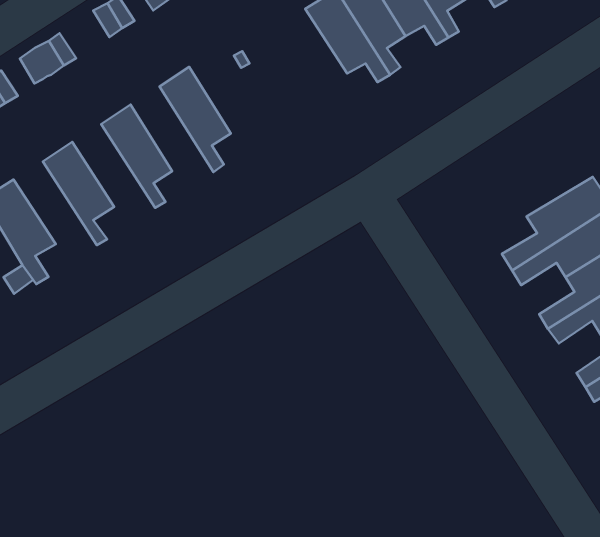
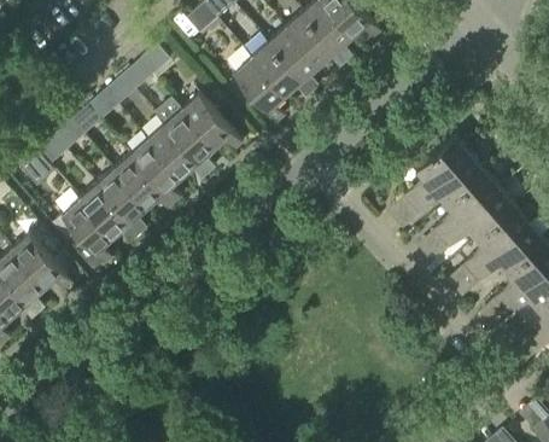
building: none -> [234,58,285,123]
building: none -> [182,93,244,149]
building: none -> [148,123,209,179]
building: none -> [115,153,175,209]
building: none -> [81,184,141,239]

